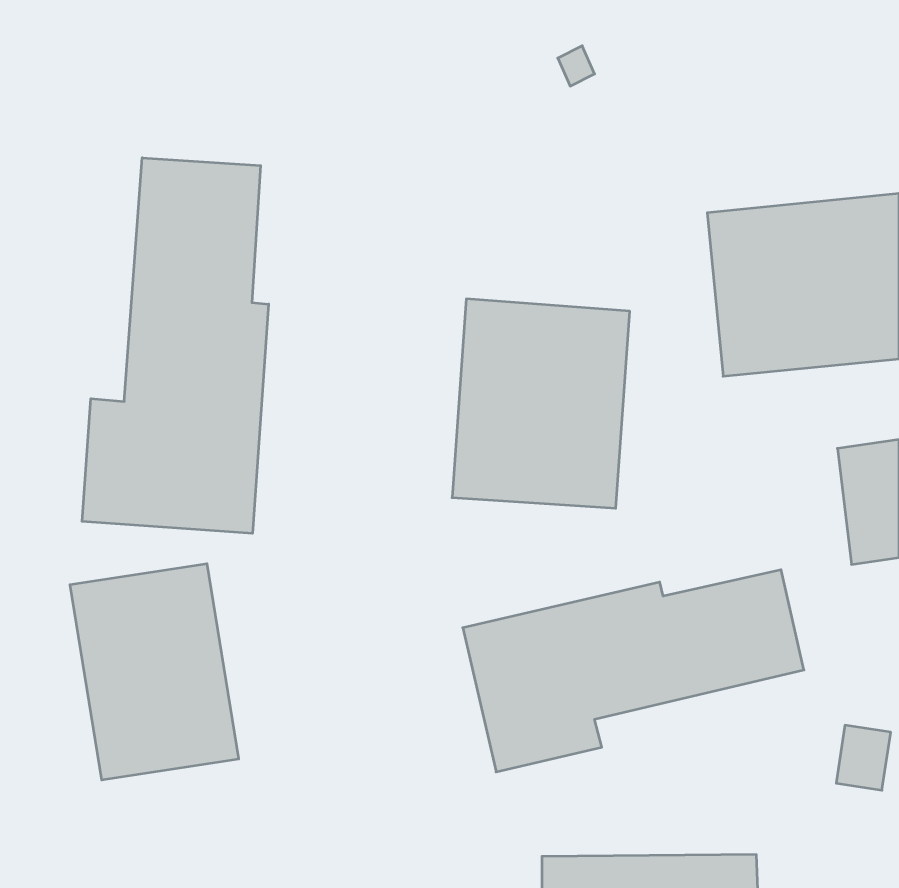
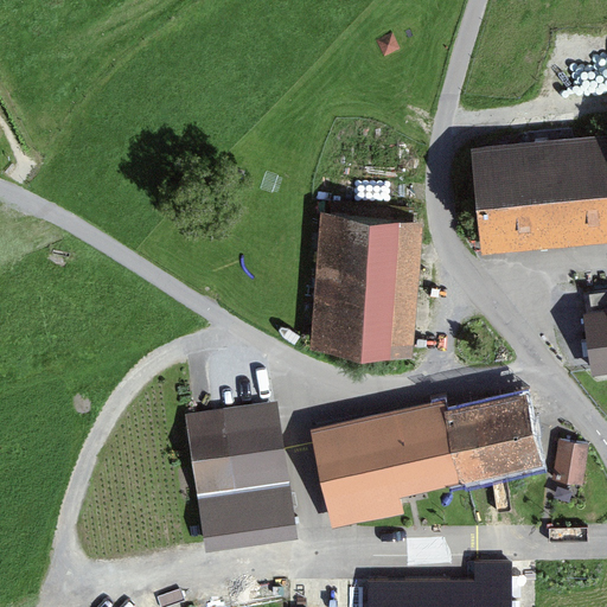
building: [82,158,269,533] -> none
building: [70,564,239,780] -> [185,404,299,550]
building: [836,725,891,790] -> [552,442,589,486]

